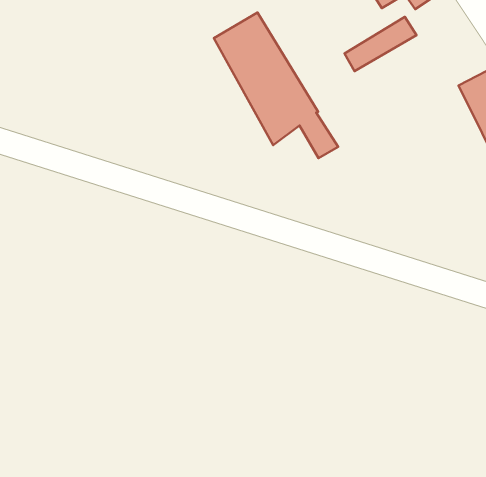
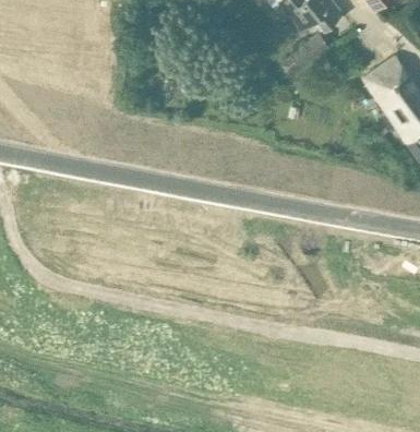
building: [214,13,338,158] -> none

